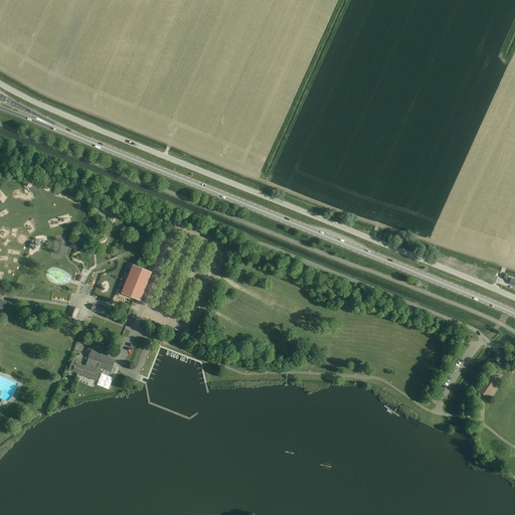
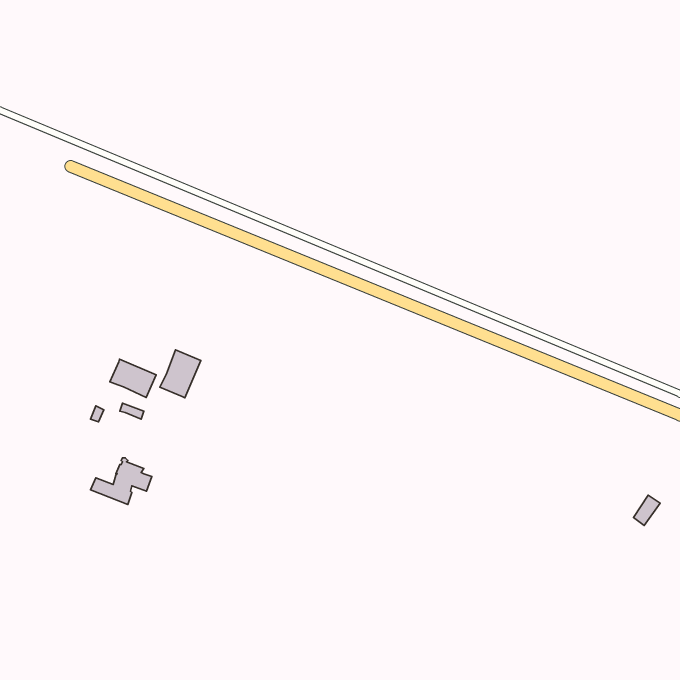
building: none -> [110,359,156,397]

